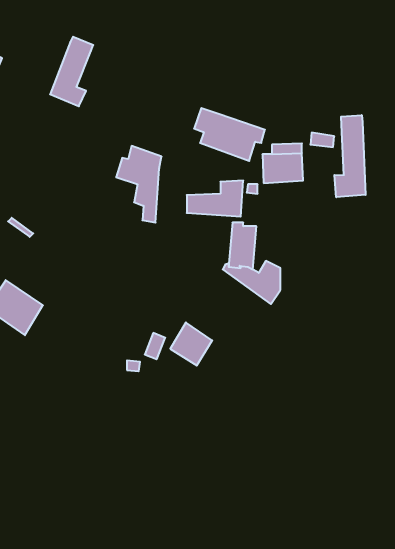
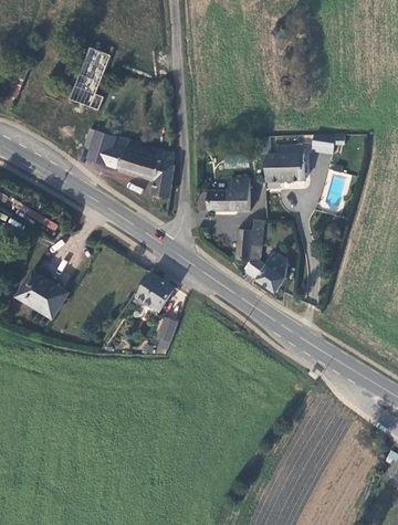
building: [194,108,265,161] -> [82,126,147,175]
building: [334,115,366,197] -> none
building: [170,322,212,366] -> [137,274,176,314]

